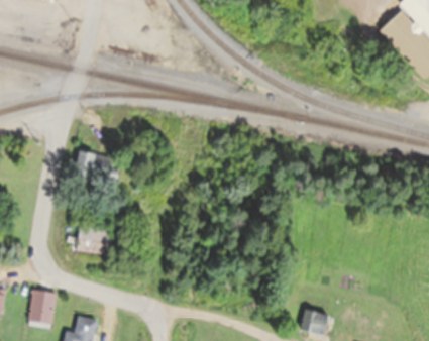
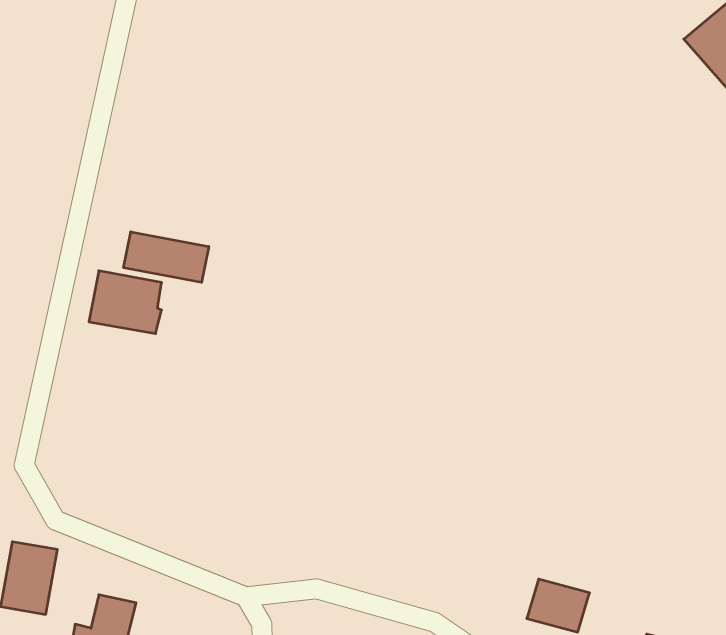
building: none -> [124,232,209,282]
building: [78,221,111,253] -> none

